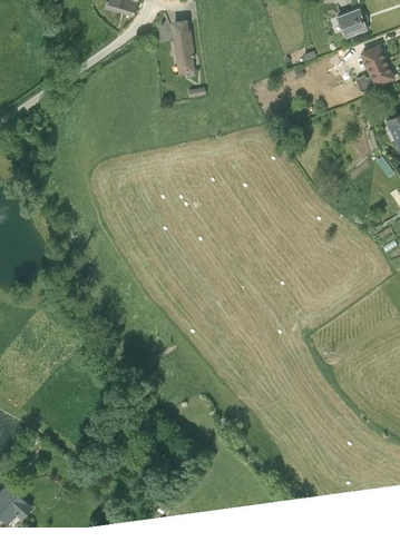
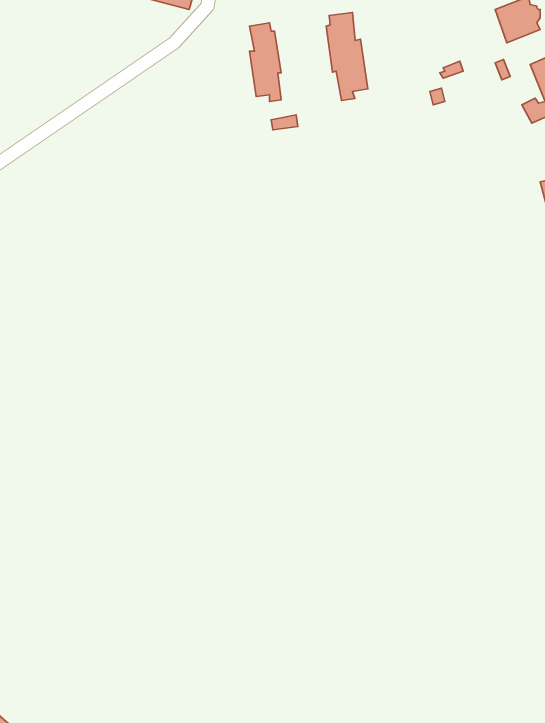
building: none -> [326,13,368,101]

